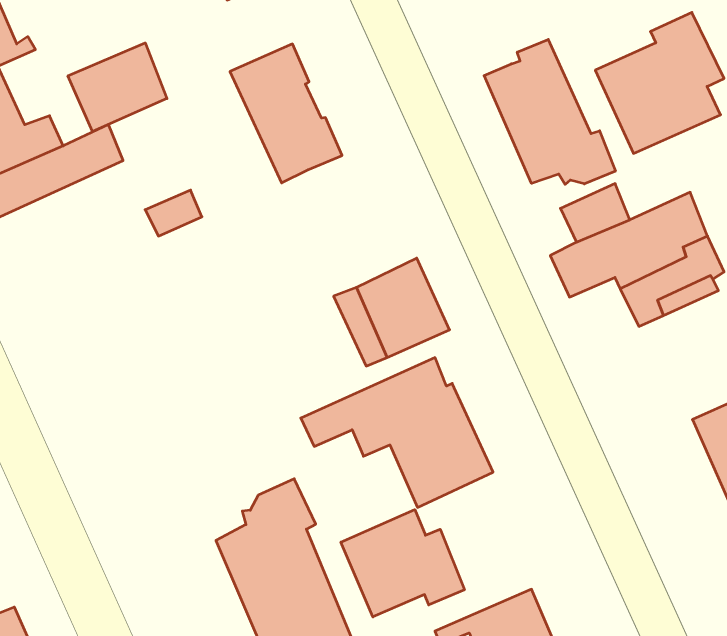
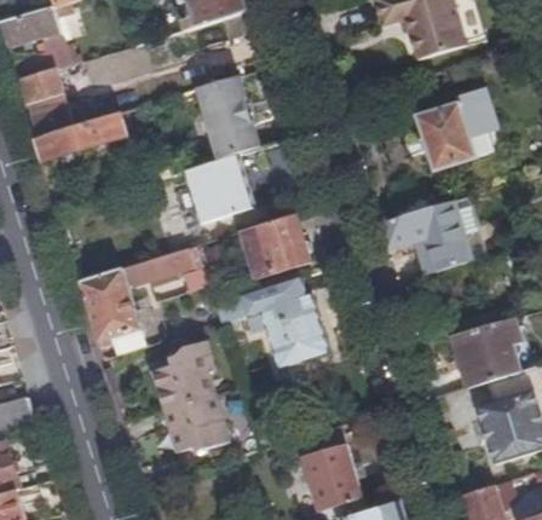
building: [484,39,615,184] -> none
building: [68,43,167,132] -> none
building: none -> [184,154,252,223]
building: none -> [80,247,198,348]
building: [341,510,464,617] -> none

